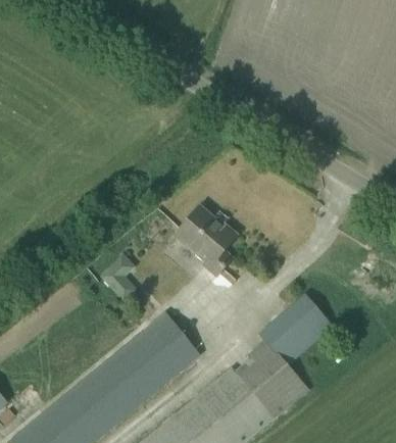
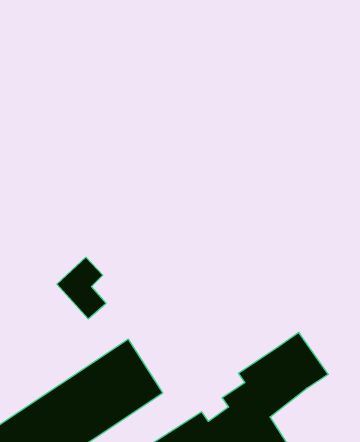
building: [175,206,236,275] -> none

